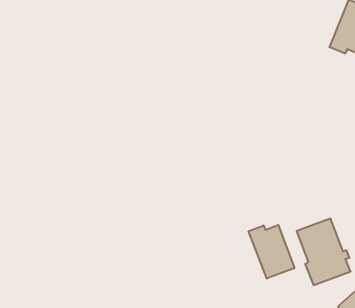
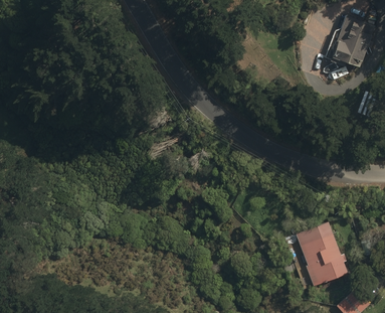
building: [249,225,294,279] -> none

